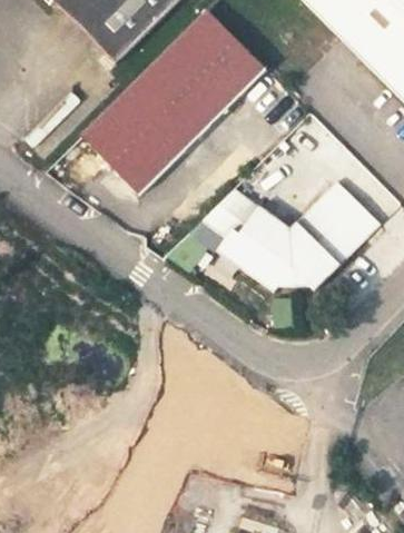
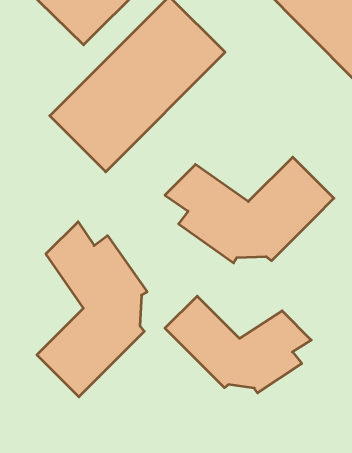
building: none -> [37,222,147,397]
building: none -> [165,296,311,393]

